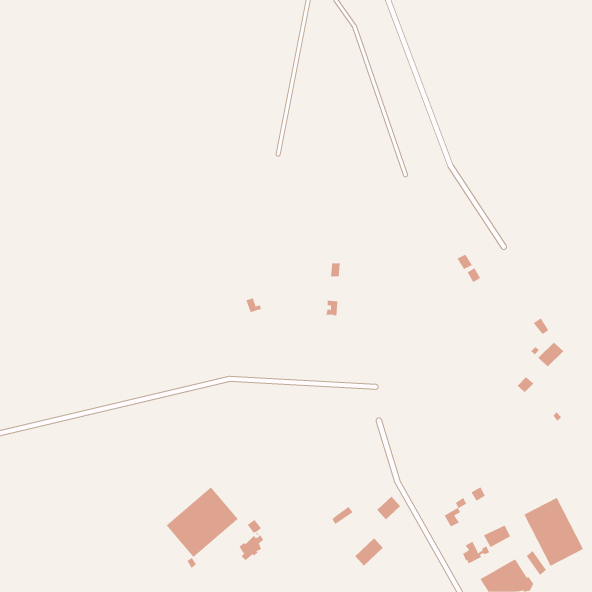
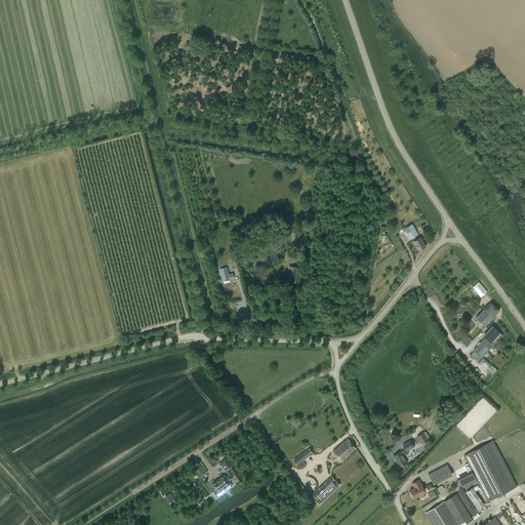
building: none -> [470,325,502,361]
building: [166,487,238,558] -> none

